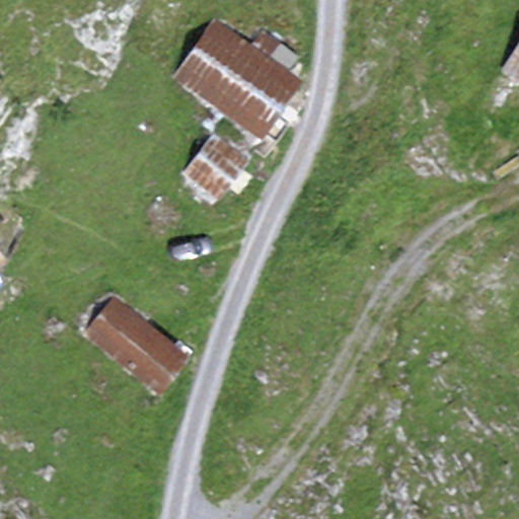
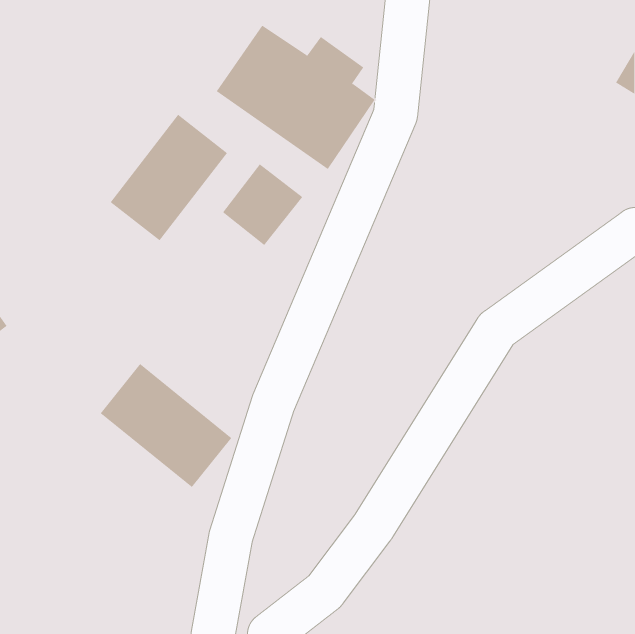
building: none -> [110,114,228,241]

